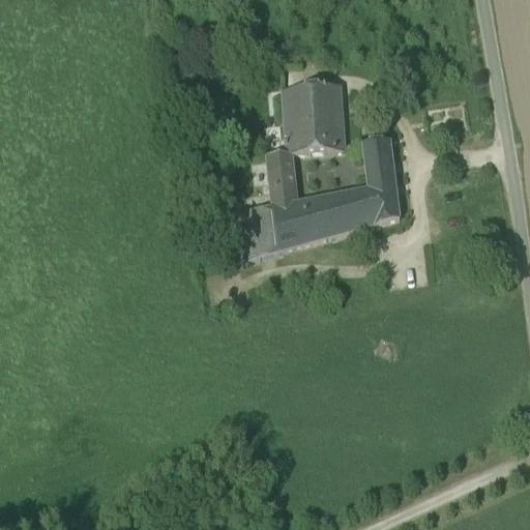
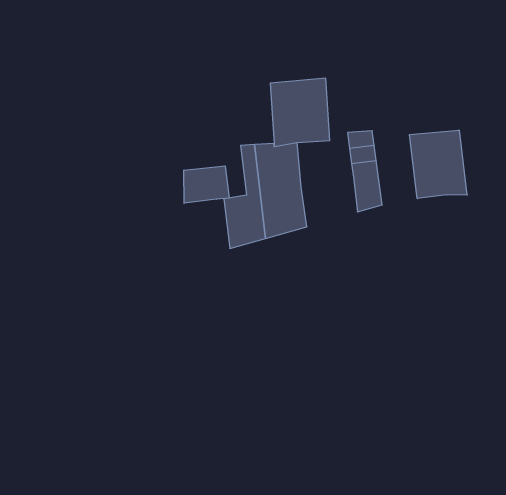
building: none -> [409,130,467,199]
building: none -> [184,166,229,203]
building: [315,185,374,237] -> none

